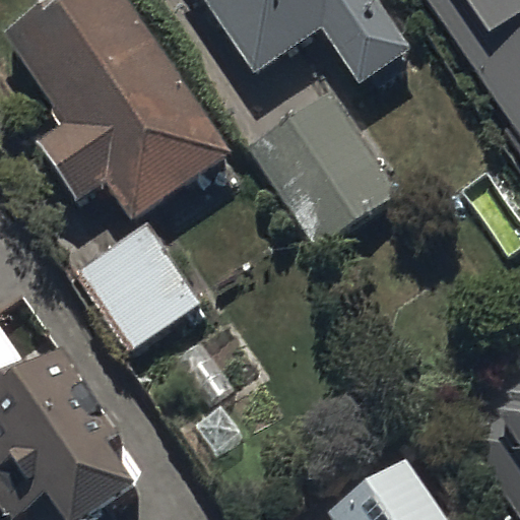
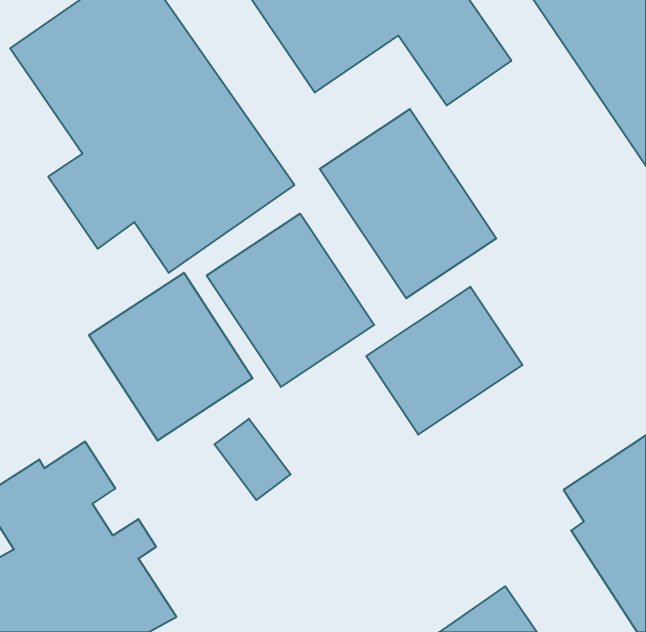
building: none -> [207,214,374,387]
building: none -> [366,287,522,435]

